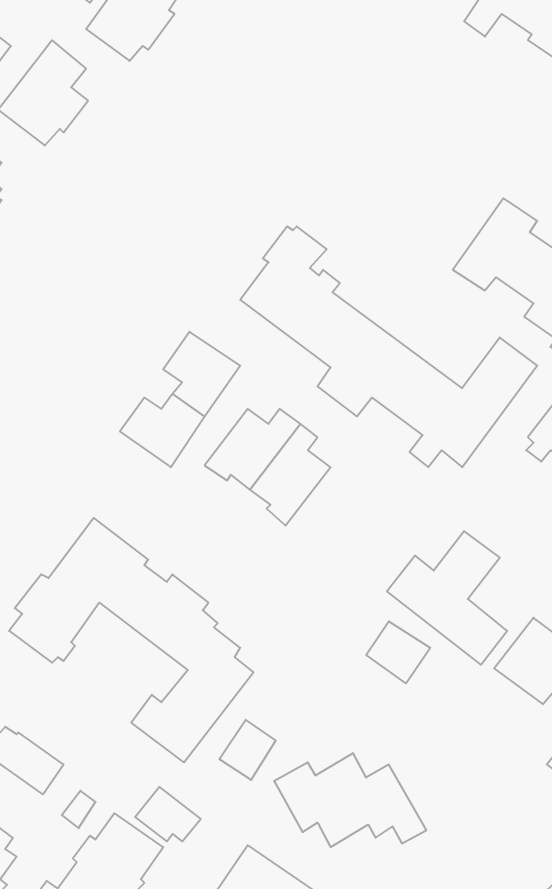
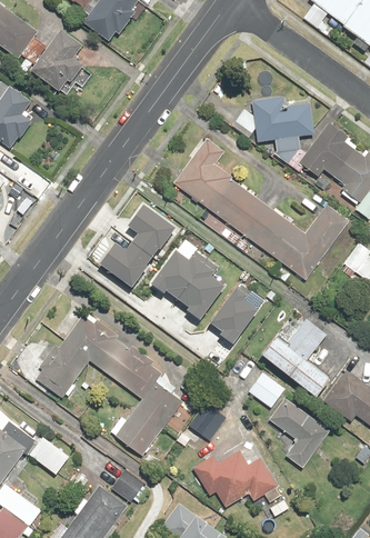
building: none -> [252,98,313,152]
building: none -> [210,281,258,341]
building: none -> [268,398,330,468]
building: [219,720,276,780] -> [192,406,226,441]

